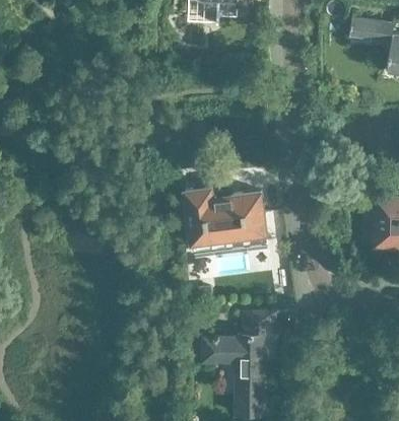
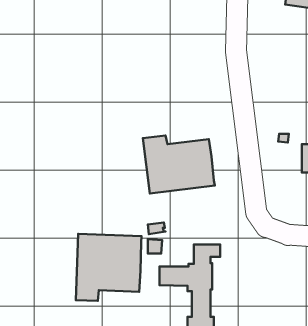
building: none -> [76,234,142,301]

